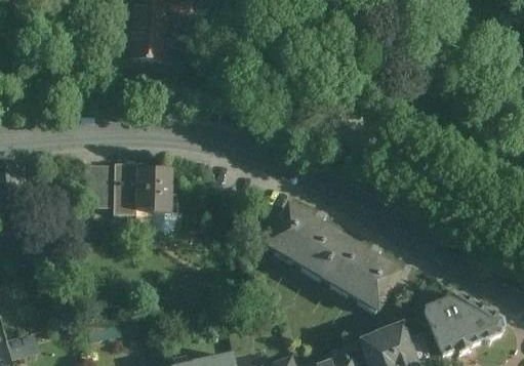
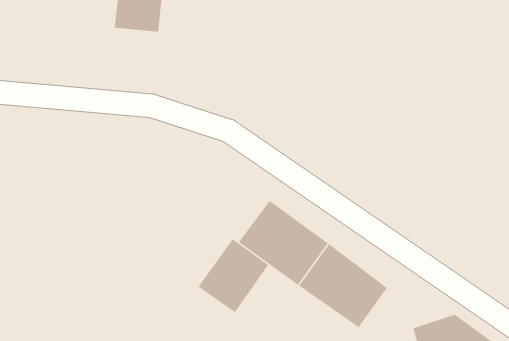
building: [86,164,172,229] -> none
building: none -> [197,238,269,313]

